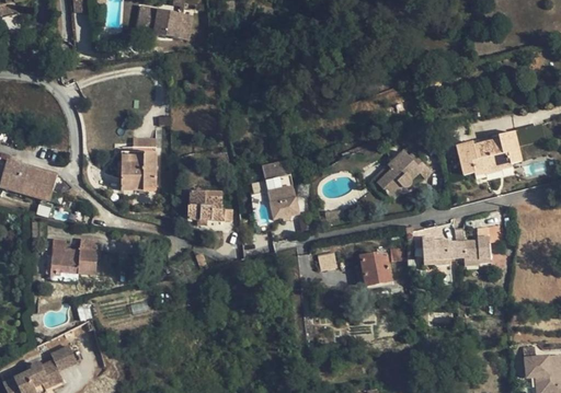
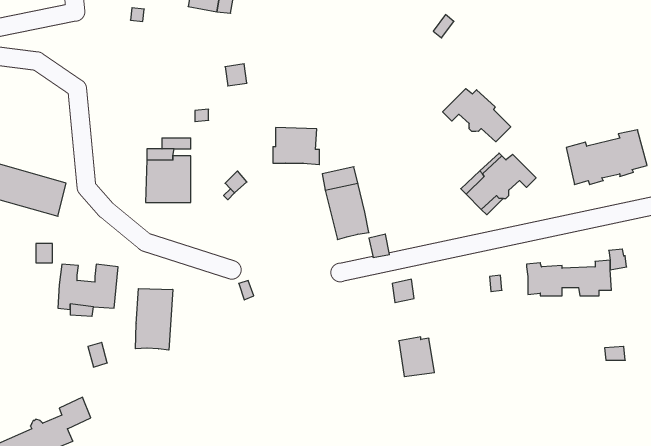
building: none -> [443,89,511,142]
building: [186,190,224,220] -> [273,128,319,165]
building: [362,252,390,284] -> [399,337,434,377]
building: none -> [136,289,173,350]

